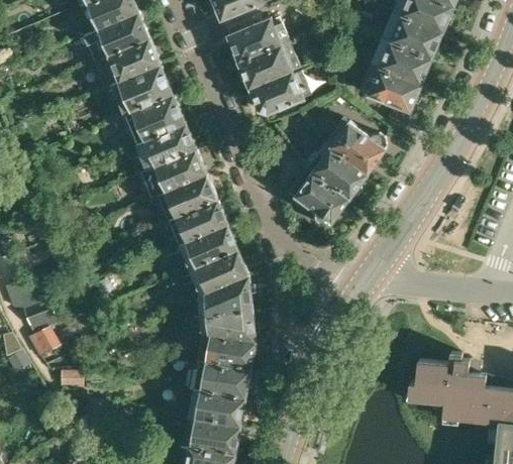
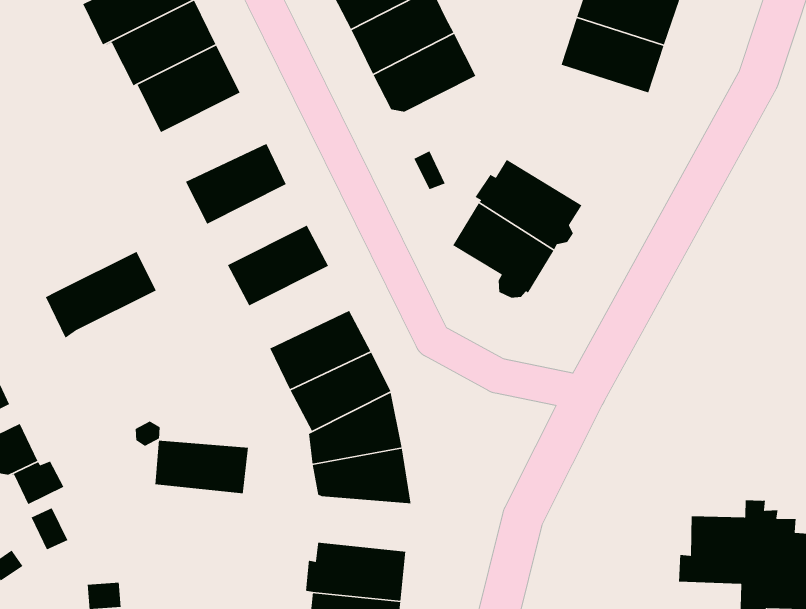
building: [123,94,185,143] -> none
building: [324,118,386,173] -> none
building: [139,149,205,198] -> [45,251,157,339]
building: [168,199,226,244] -> none
building: [198,333,254,368] -> [155,440,249,494]

